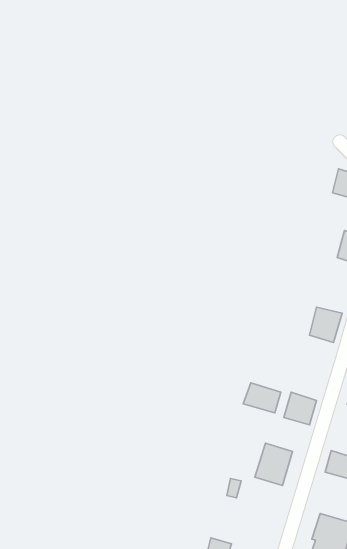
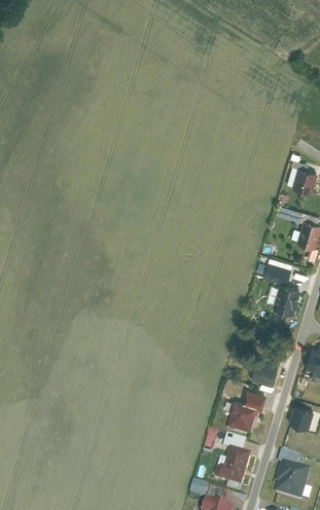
building: none -> [263,263,291,285]
building: [243,383,281,413] -> none
building: none -> [216,446,252,484]

